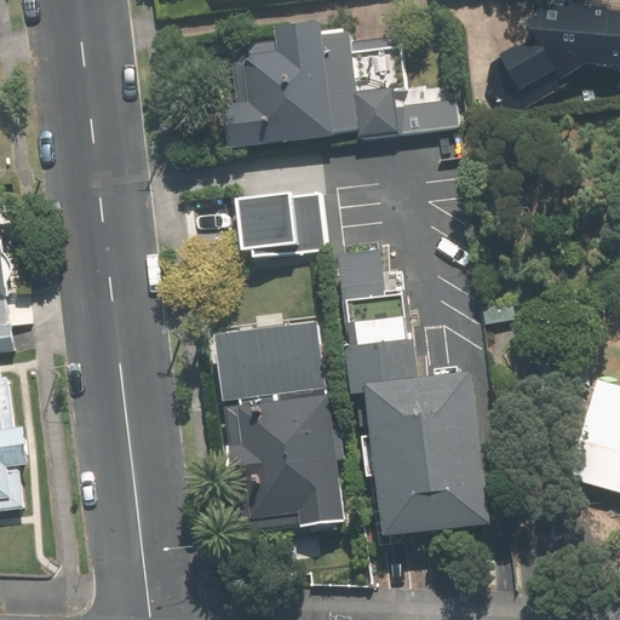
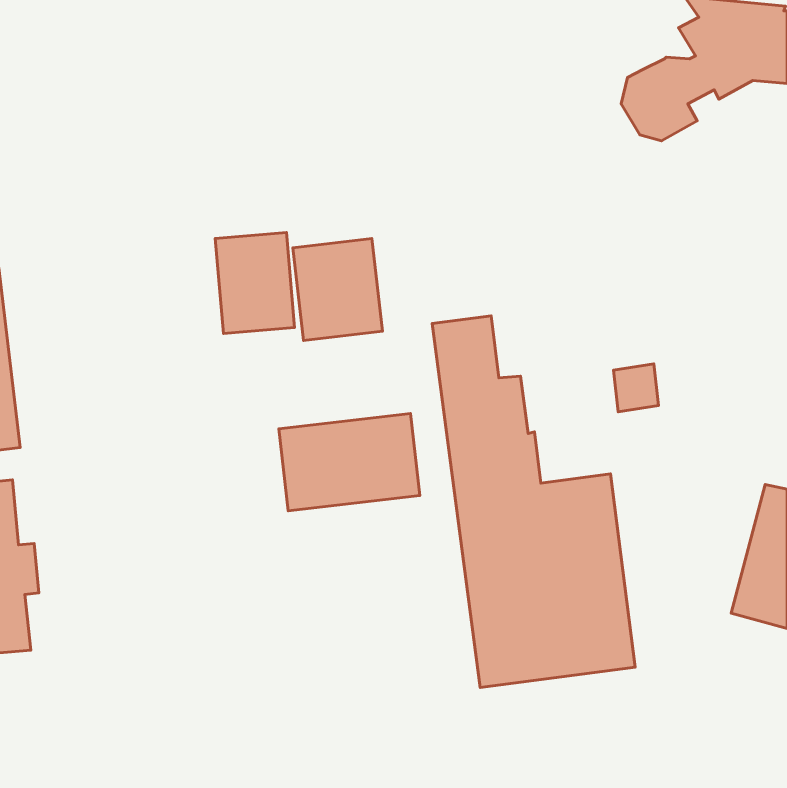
building: [223,21,459,147] -> none
building: none -> [215,232,295,334]
building: [225,392,348,533] -> none

